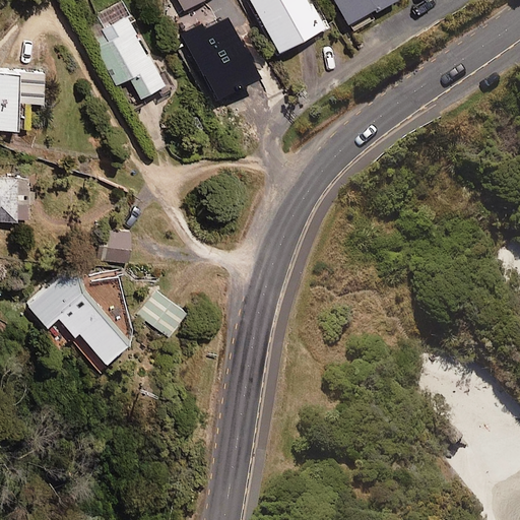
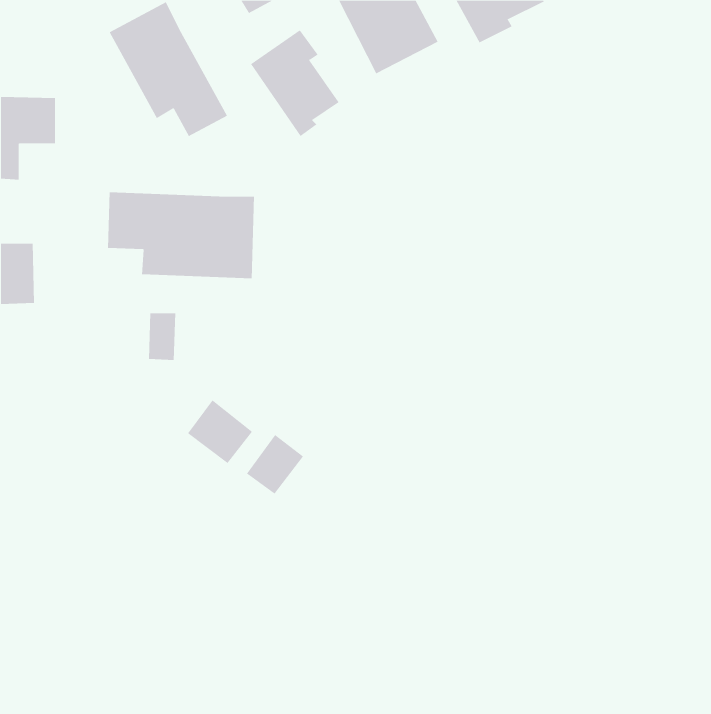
building: none -> [107,191,255,279]
building: [25,271,130,371] -> none
building: none -> [246,434,304,495]

